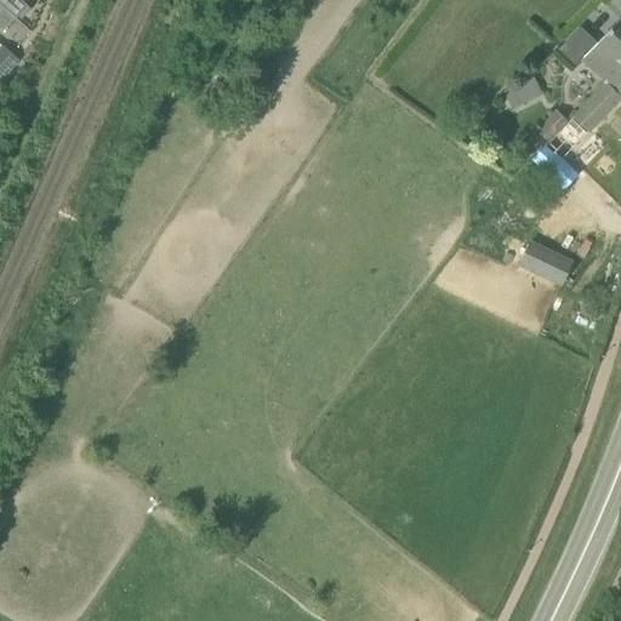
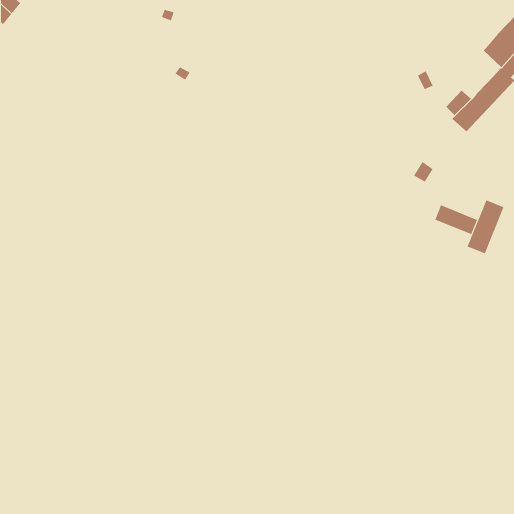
building: [560,24,598,63] -> none
building: none -> [467,199,504,254]

